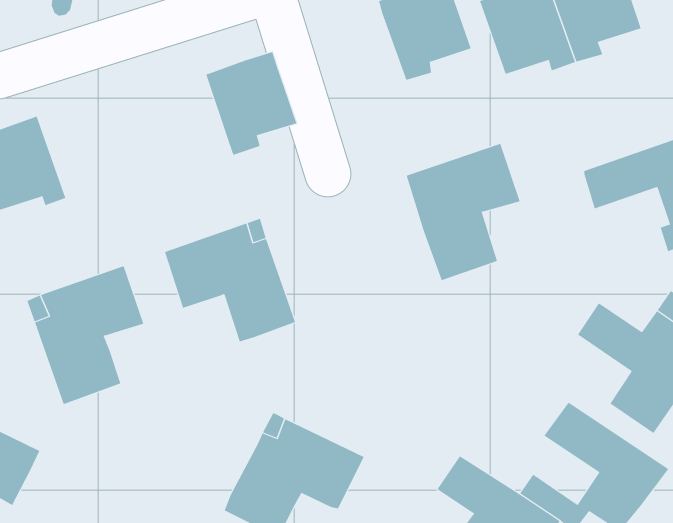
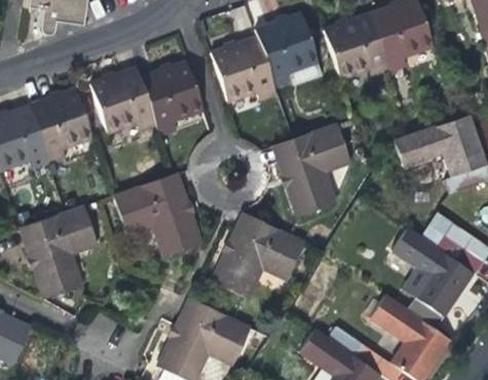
building: none -> [213,34,279,99]
building: none -> [92,65,157,129]
building: none -> [29,87,92,158]
building: none -> [212,217,305,297]

